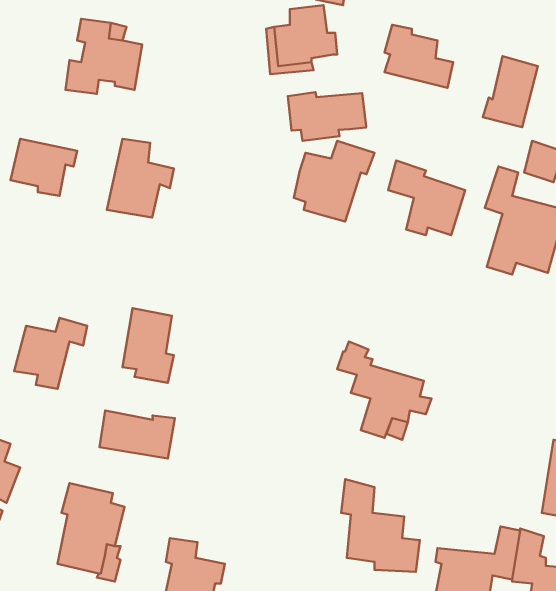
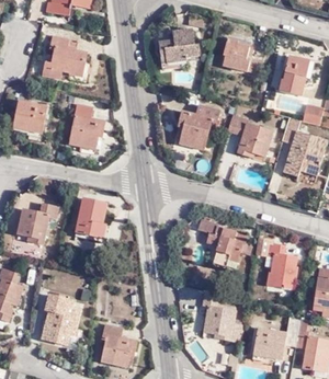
building: [288,92,366,141] -> none
building: none -> [254,240,296,290]
building: [100,411,175,459] -> none

